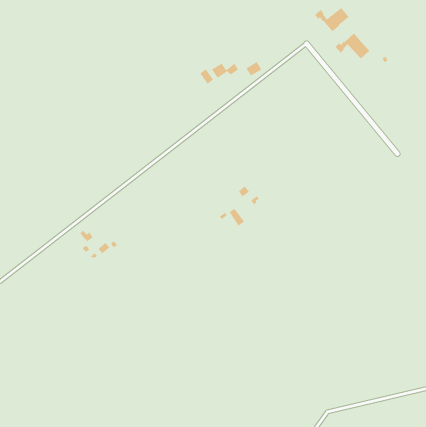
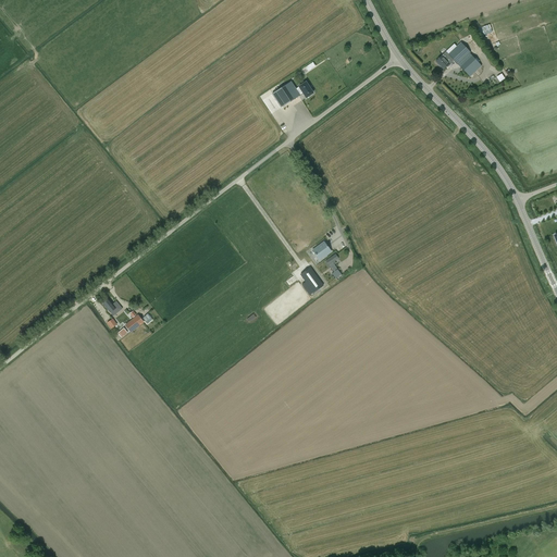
building: [315,7,349,32] -> none

